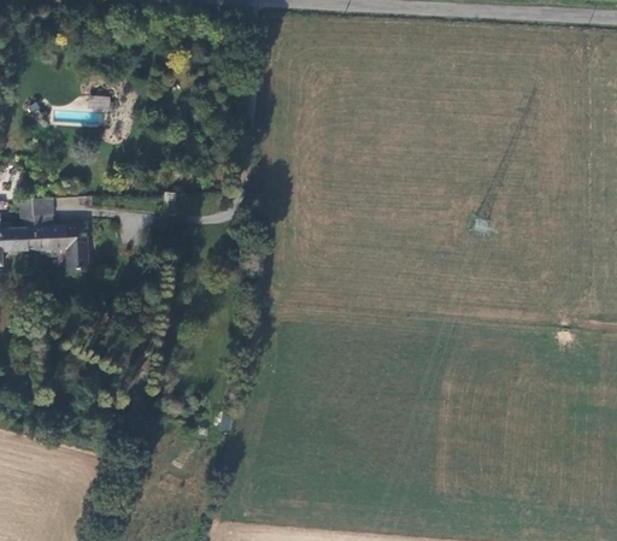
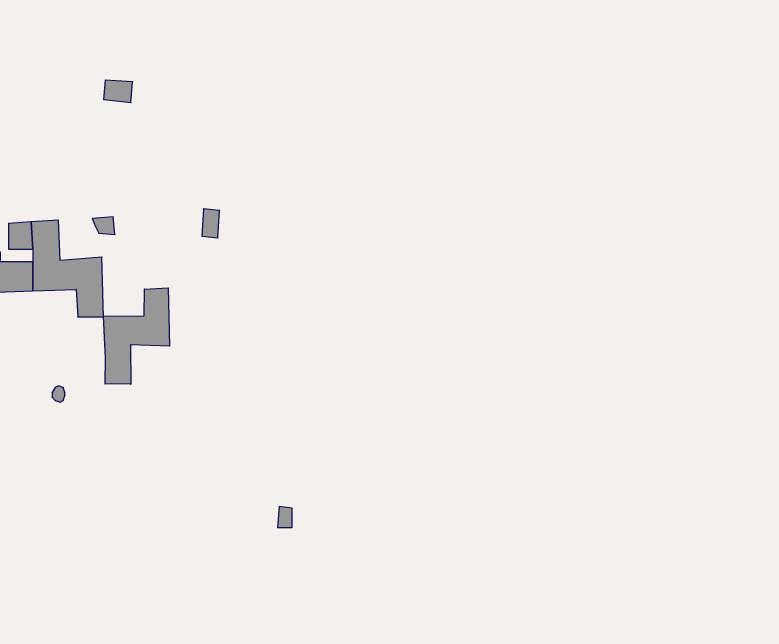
building: none -> [104,288,169,384]

